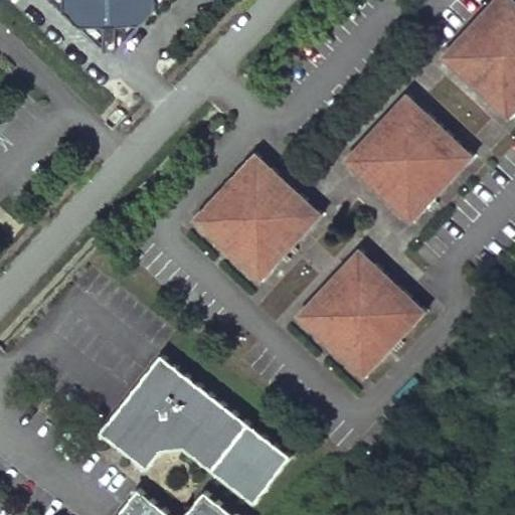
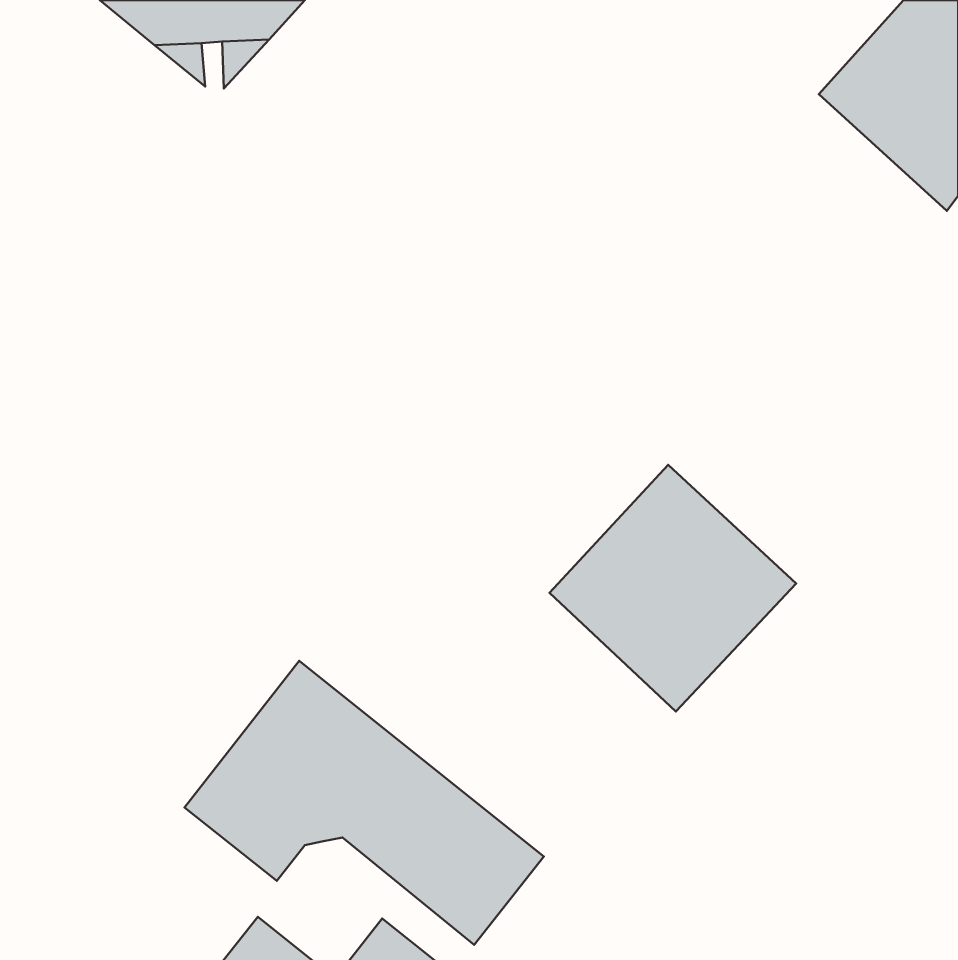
building: [342,95,473,226] -> none
building: [191,154,322,284] -> none

